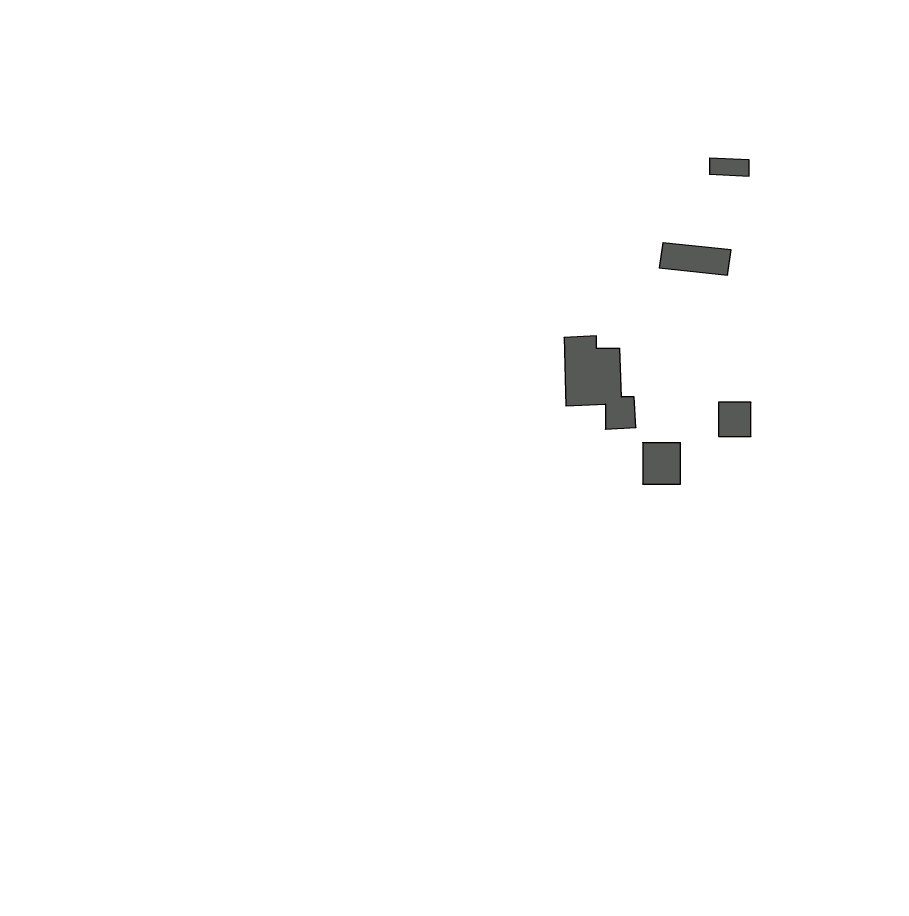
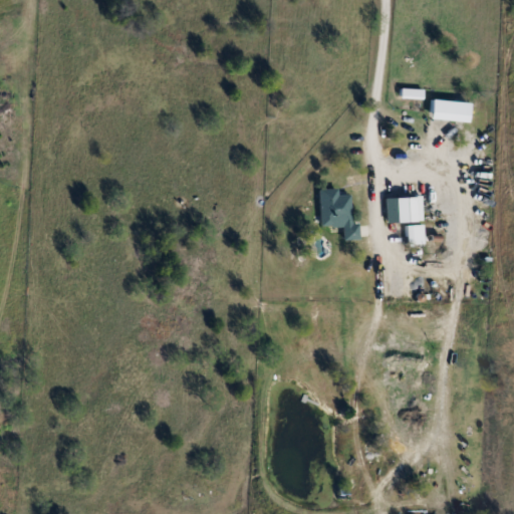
building: [659,243,731,275] -> [431,98,471,116]
building: [643,443,680,484] -> [395,198,416,221]

